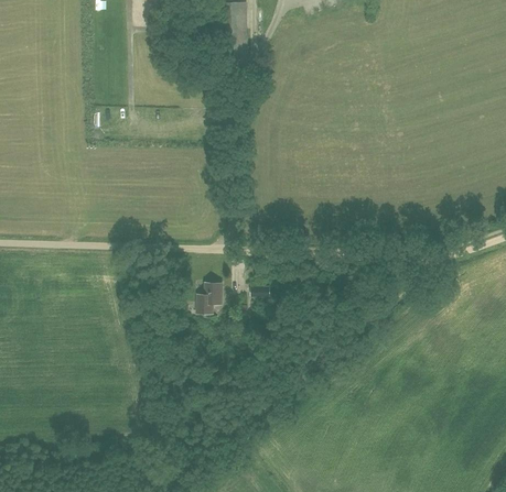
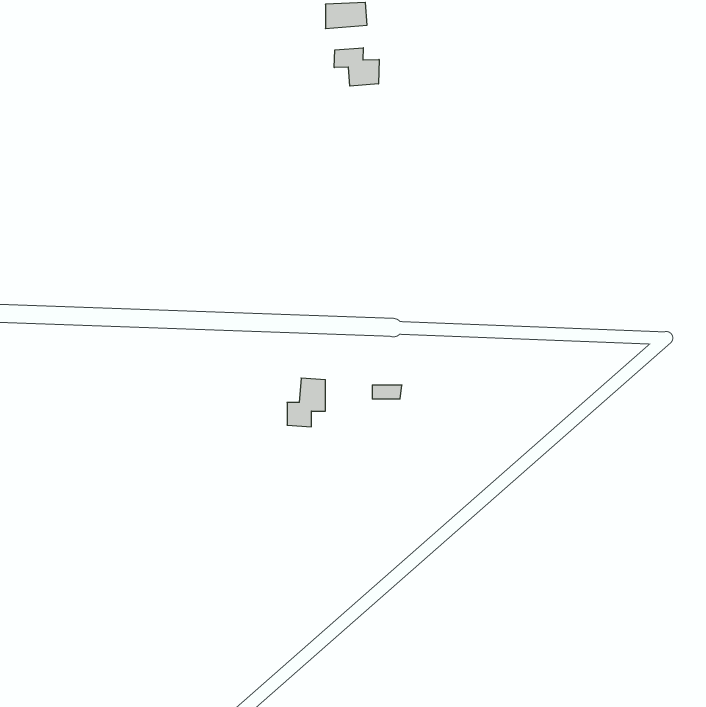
building: none -> [334,48,379,86]

